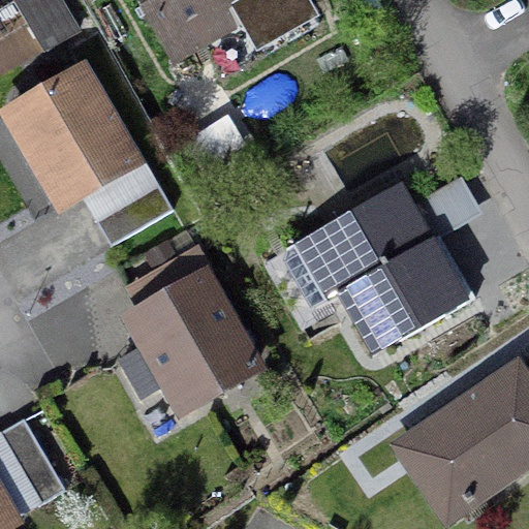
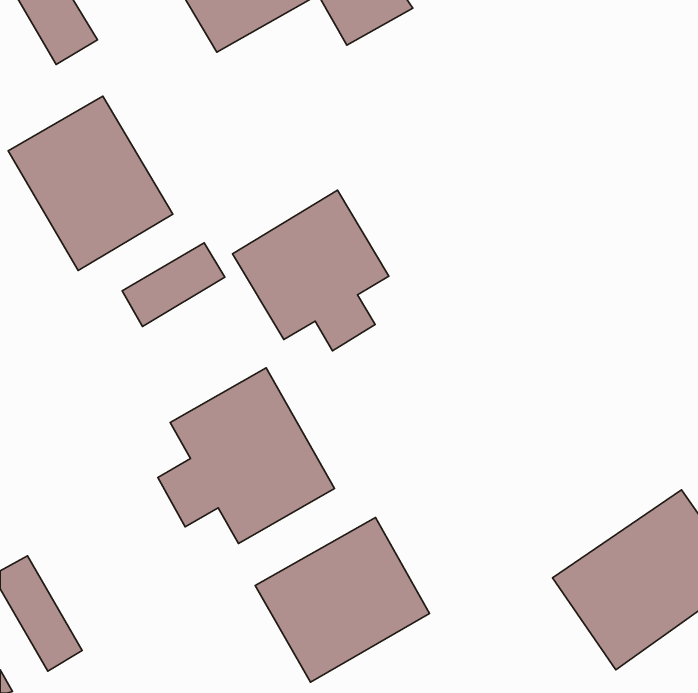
building: none -> [232,190,389,351]
building: [263,185,474,348] -> none
building: none -> [255,517,430,682]

